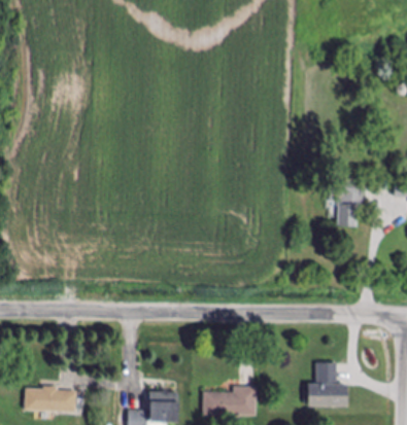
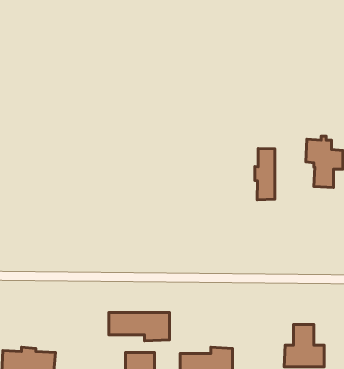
building: none -> [255,149,275,200]
building: none -> [109,312,169,341]

